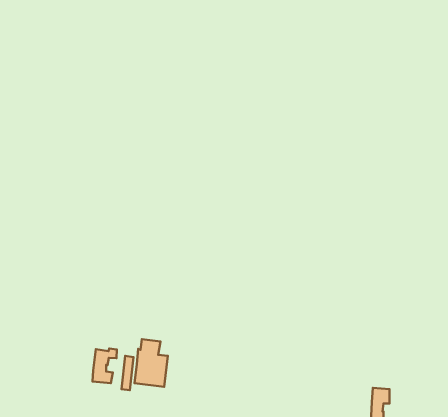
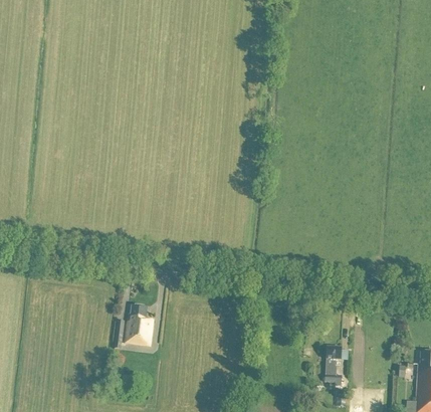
building: [93,348,117,383] -> none

